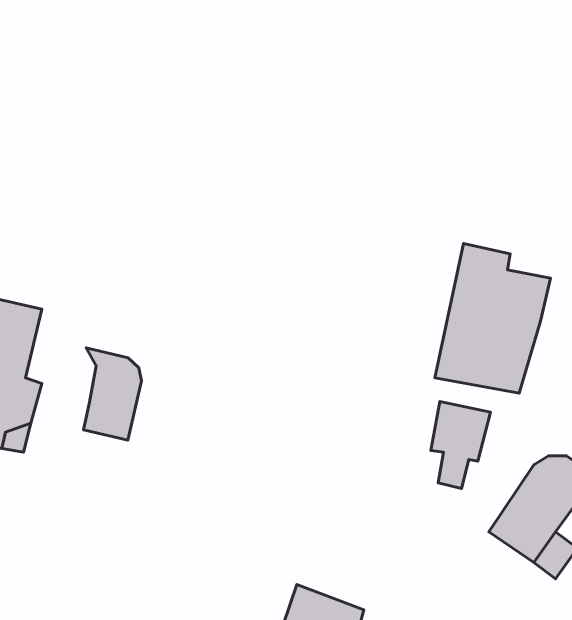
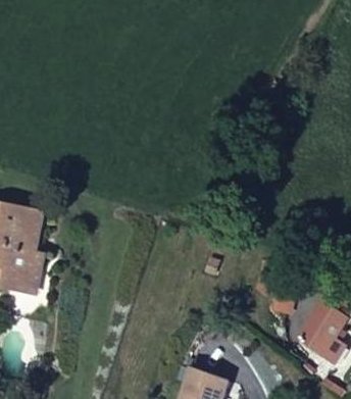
building: [435,244,551,393] -> none
building: [84,348,142,440] -> none

